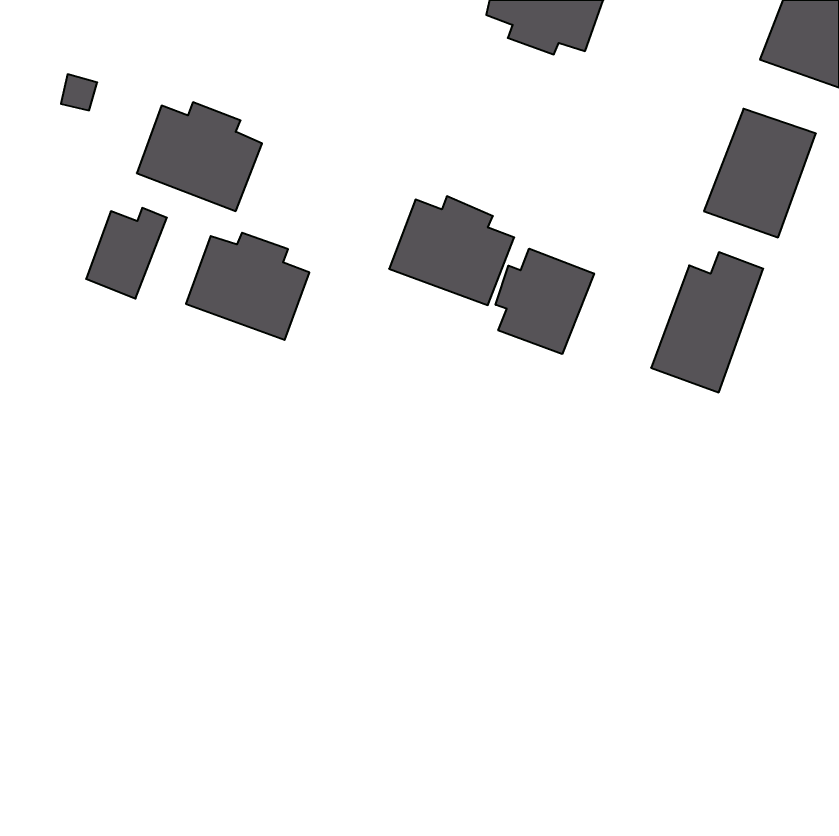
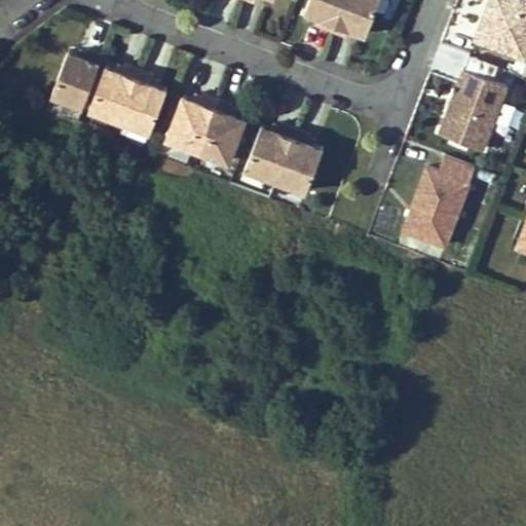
building: [86,208,167,299] -> [48,53,99,110]
building: [186,233,309,340] -> [164,98,241,164]
building: [496,249,594,354] -> none

